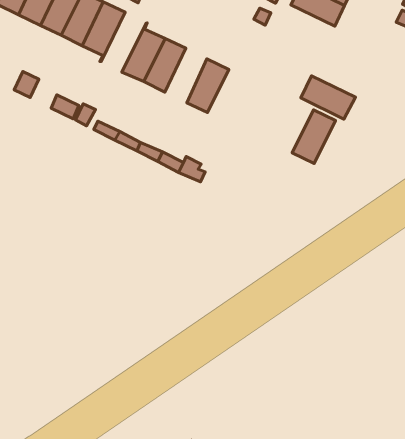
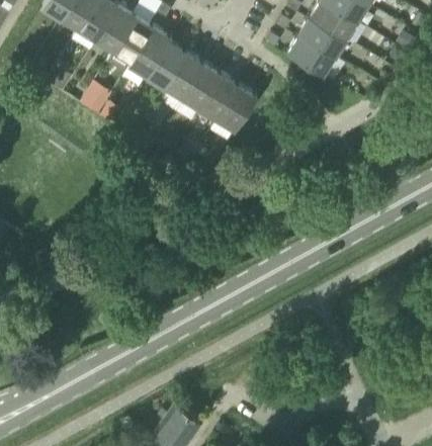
building: none -> [131,26,173,78]
building: none -> [183,63,223,110]
building: [301,76,356,119] -> [289,34,337,75]
building: [292,110,336,163] -> [219,85,259,131]

